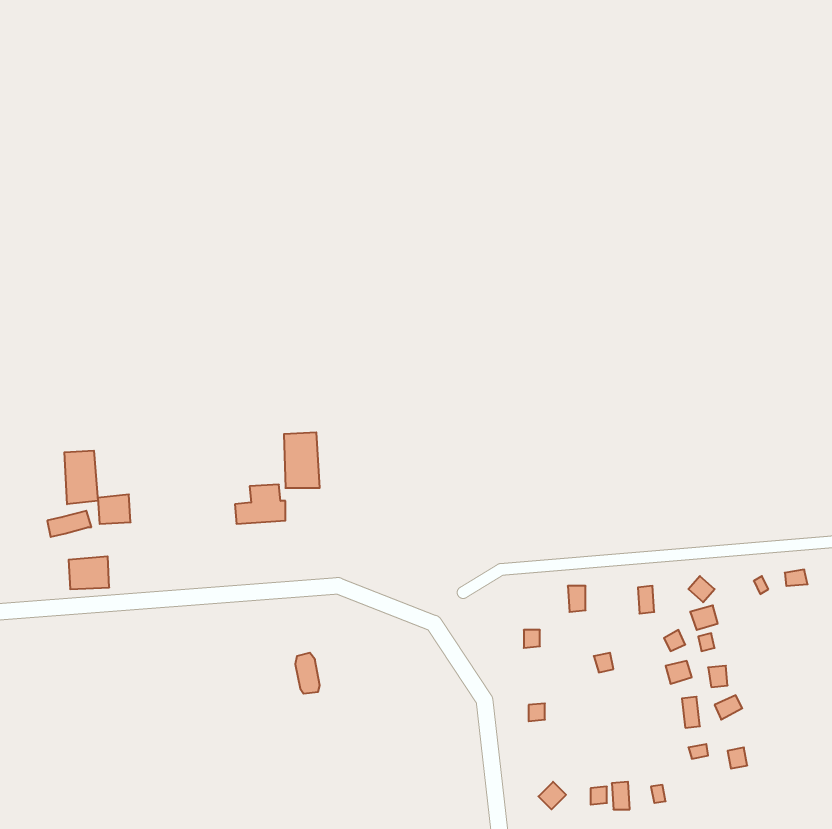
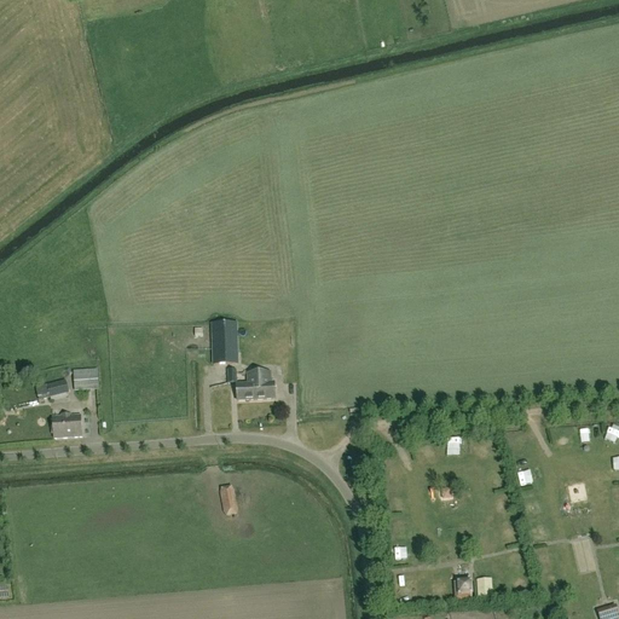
building: [64,451,98,504] -> none
building: [235,485,285,524] -> [236,369,273,398]

